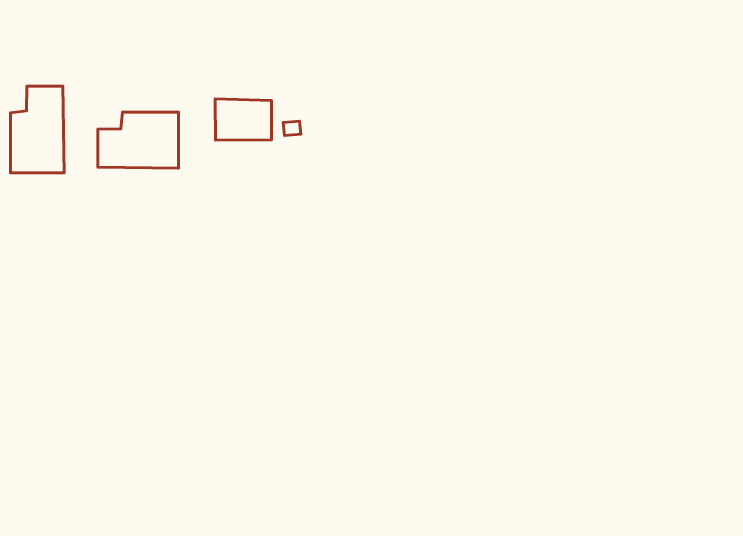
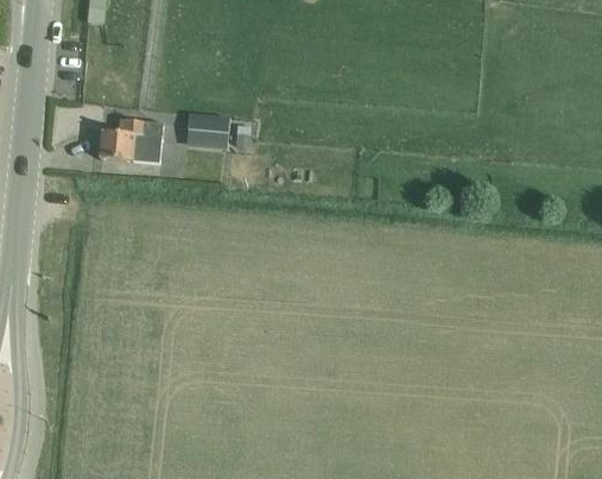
building: [11,86,64,173] -> none

